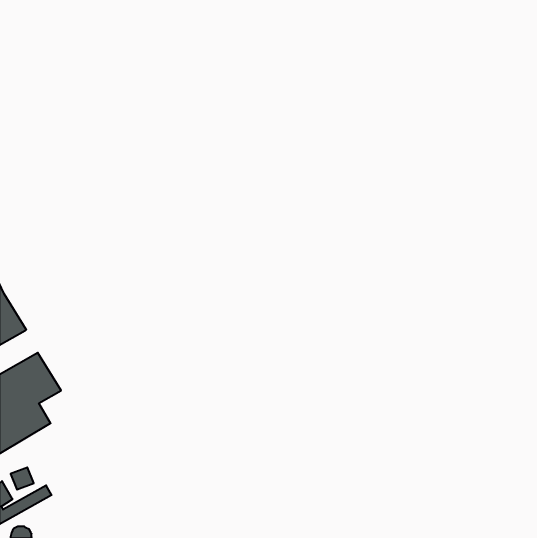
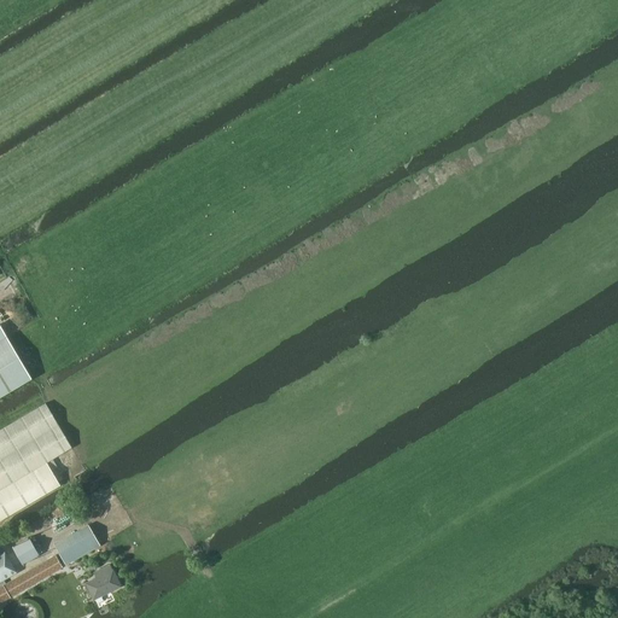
building: none -> [52,525,98,566]
building: none -> [82,564,119,600]

